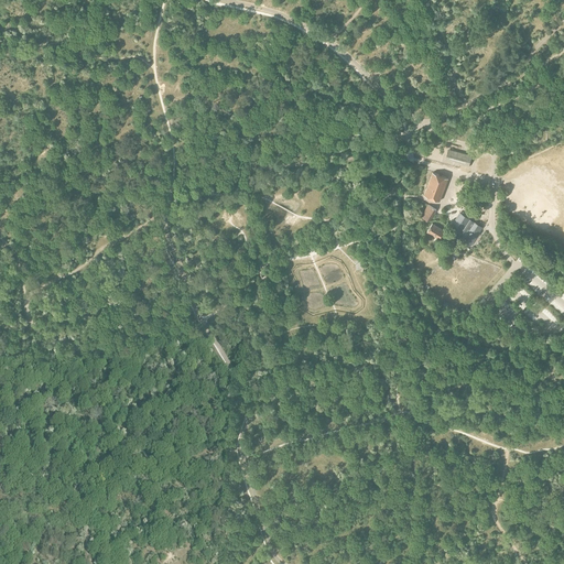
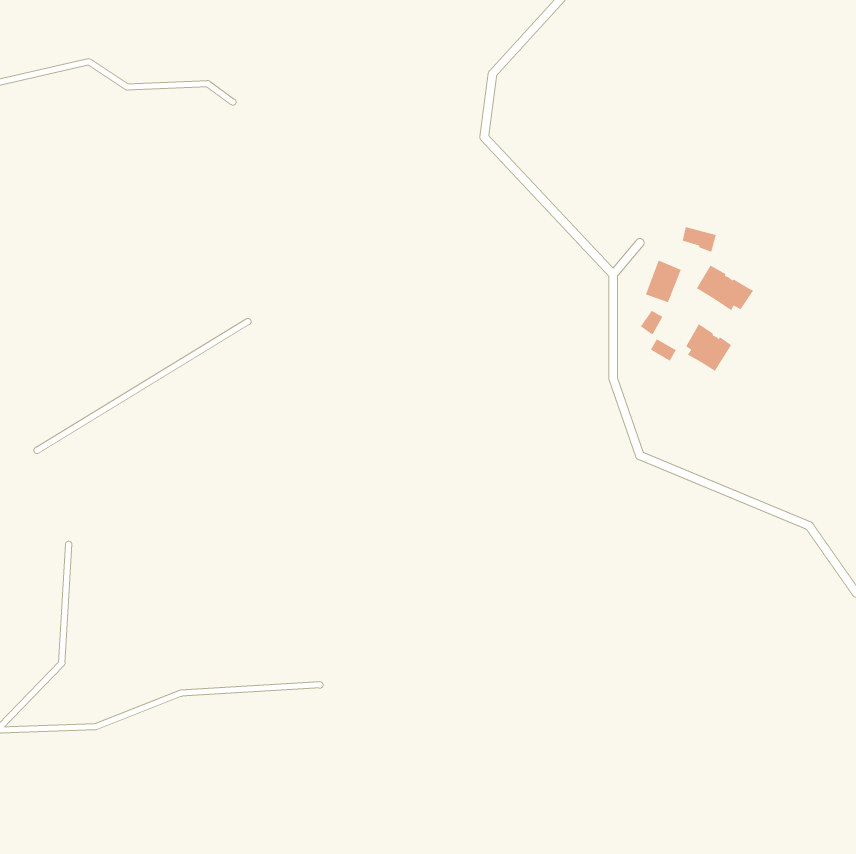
building: none -> [696,264,754,311]

